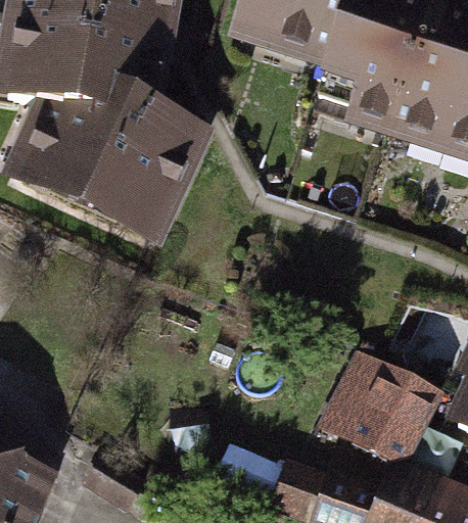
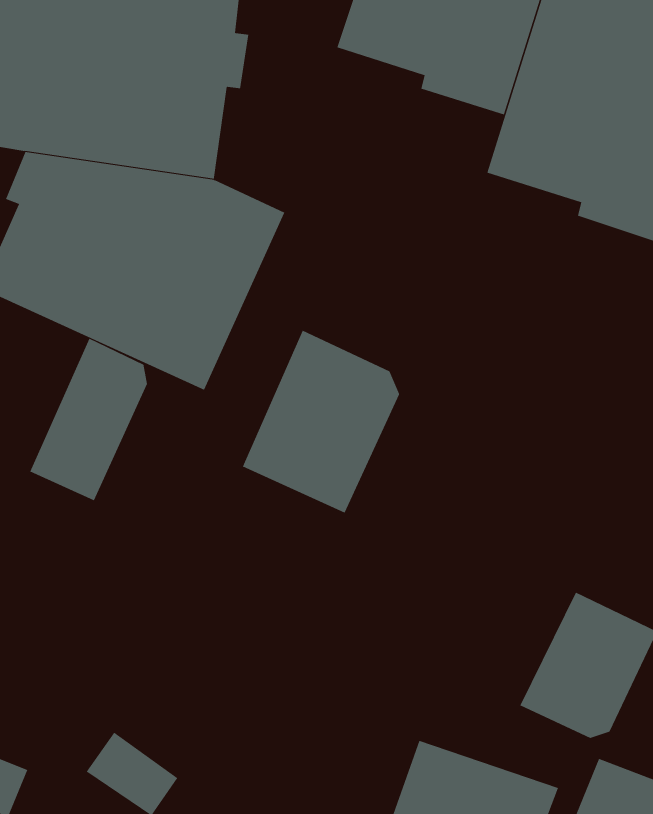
building: none -> [242,330,400,513]
building: none -> [29,338,148,501]

